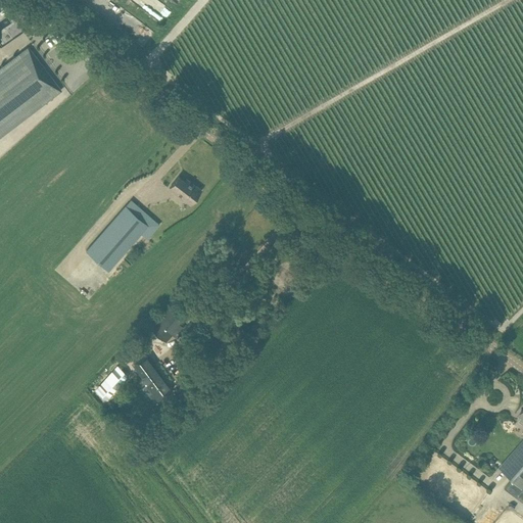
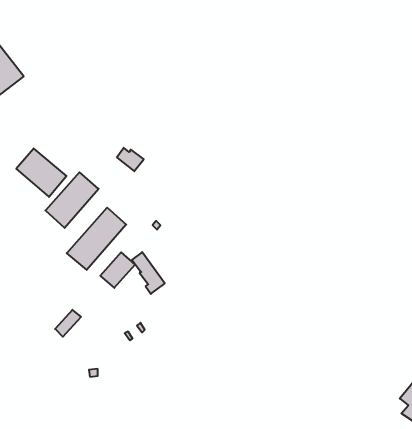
building: none -> [16,148,66,197]
building: none -> [67,208,126,270]
building: [133,354,172,403] -> [132,252,165,294]

